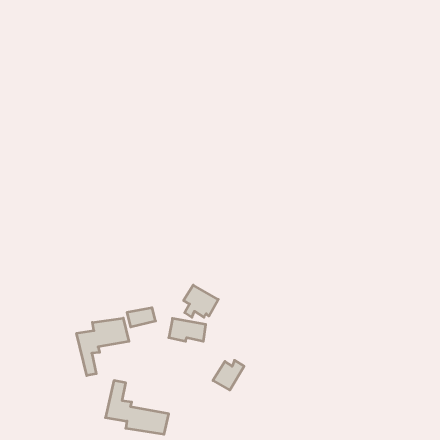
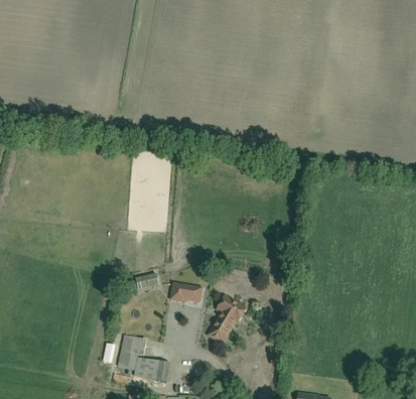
building: [184,285,218,317] -> [218,296,247,323]
building: [77,318,129,376] -> none

